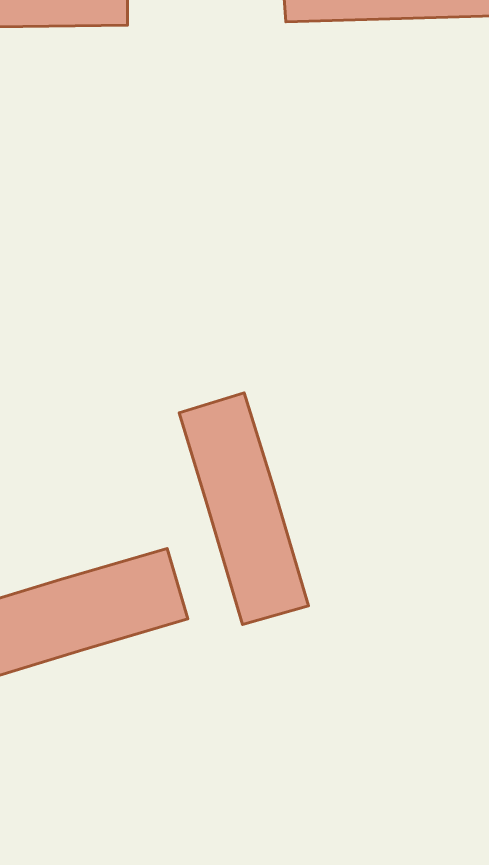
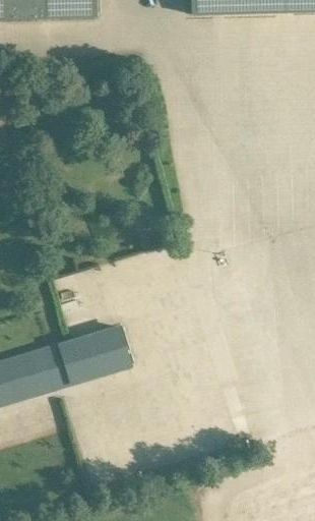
building: [179,393,308,624] -> none

